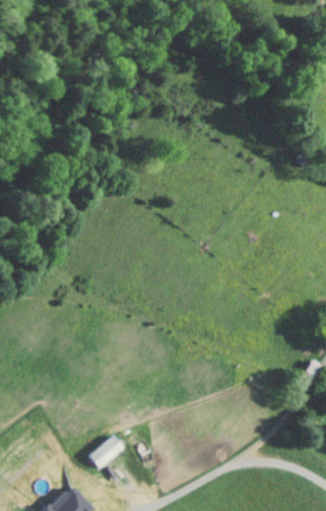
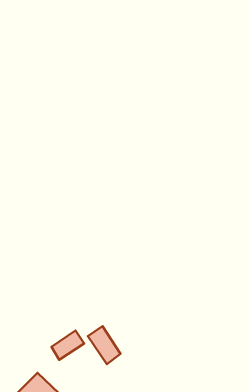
building: none -> [88,326,121,364]

